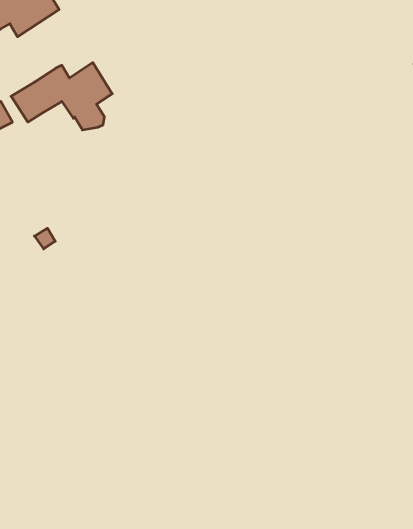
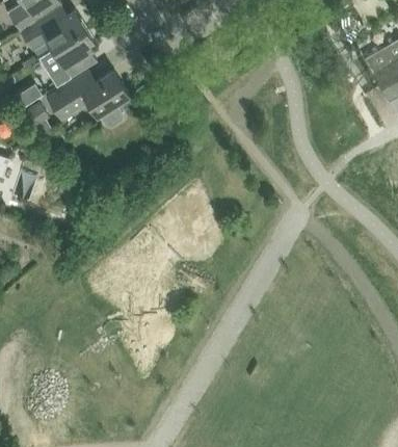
building: none -> [51,28,97,82]

